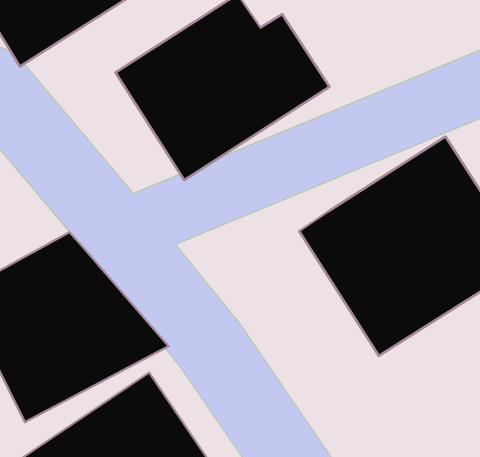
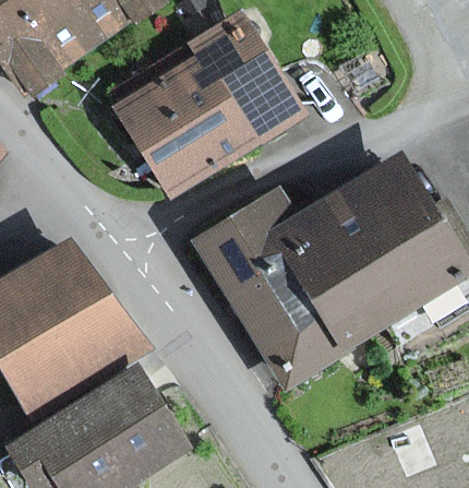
building: none -> [191,188,345,390]

